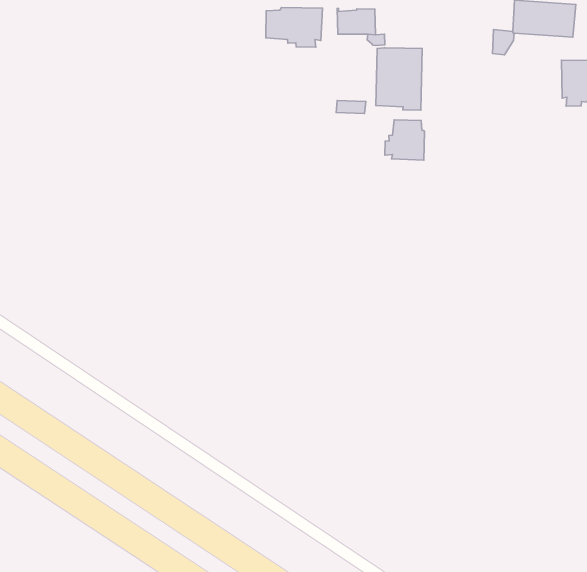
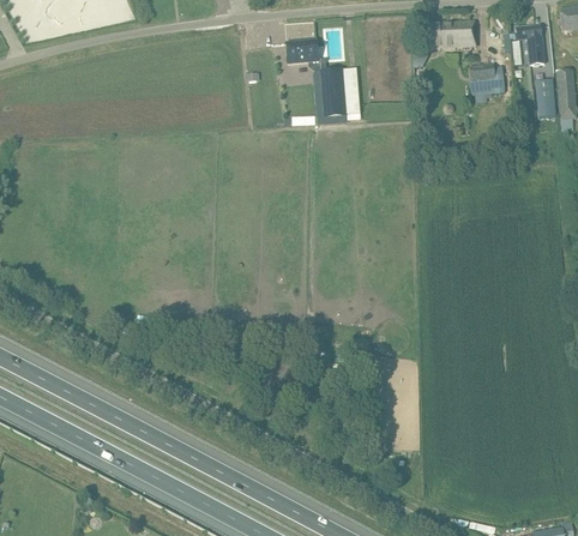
building: [266,7,323,47] -> none
building: [385,120,424,160] -> none

